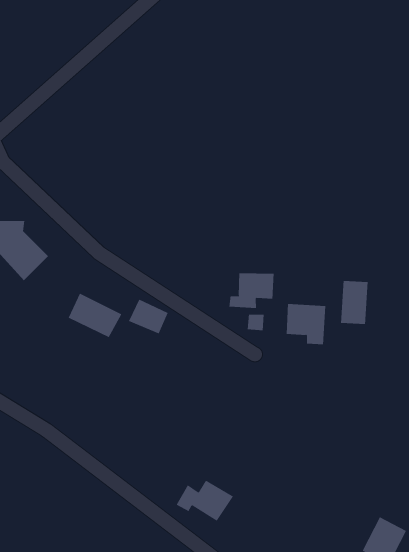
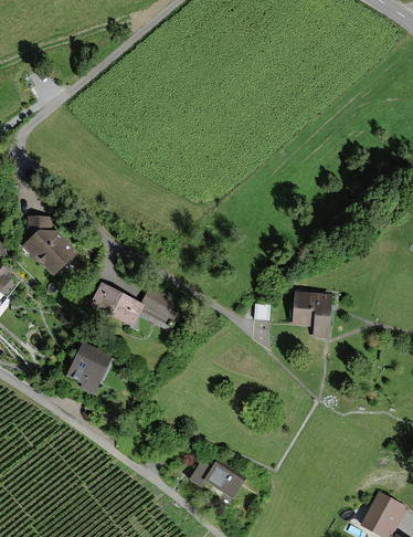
building: [229,272,274,309] -> none
building: [340,280,368,325] -> none
building: none -> [65,345,108,390]

